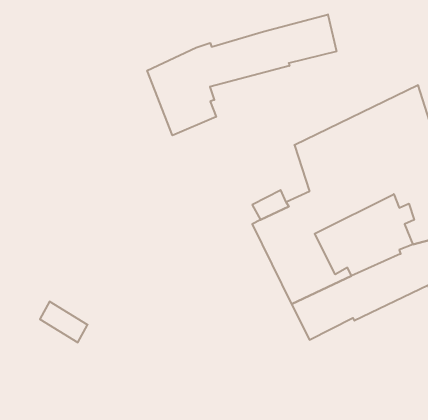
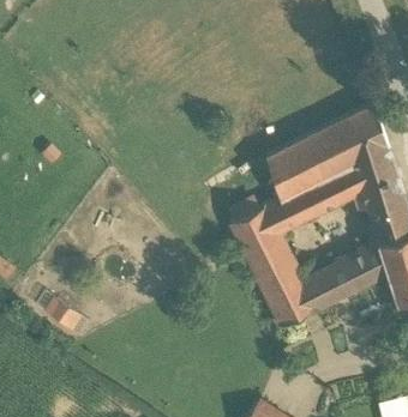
building: [147,14,336,135] -> none

